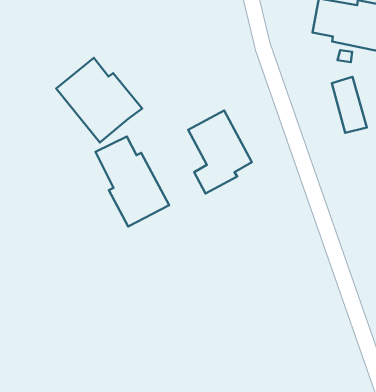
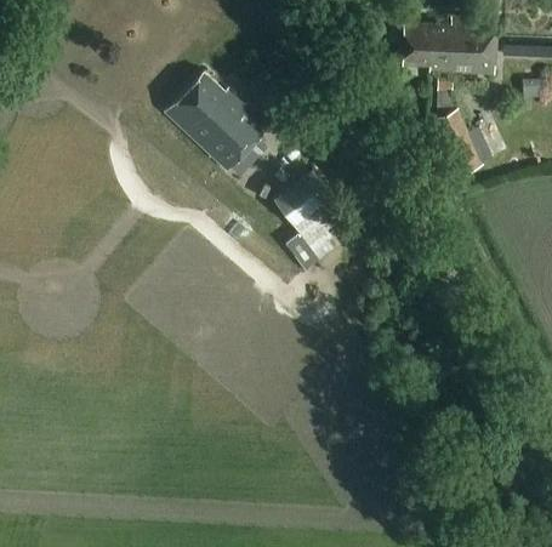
building: [56,58,142,143] -> [167,72,272,170]
building: [96,136,169,226] -> none

